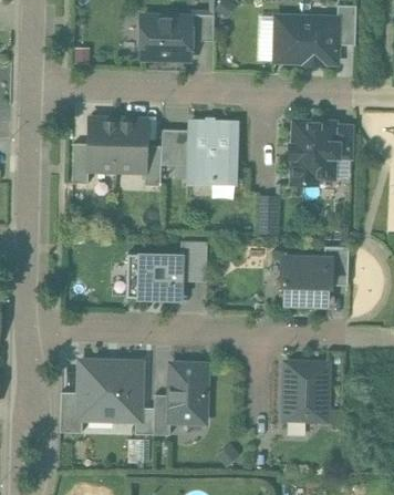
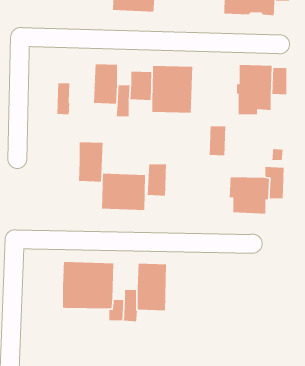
building: [87,120,118,169] -> [78,141,104,182]
building: [283,362,328,420] -> none
building: [60,392,82,433] -> none

